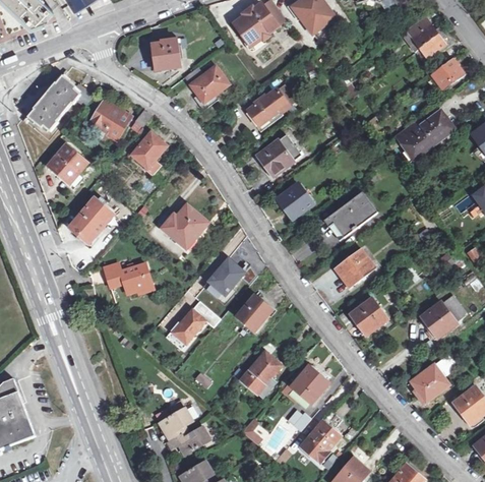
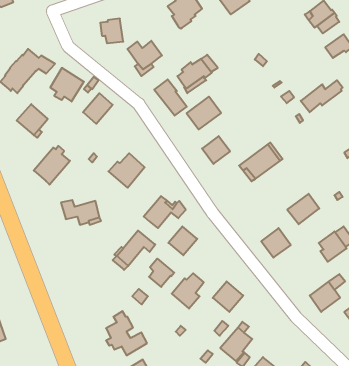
building: none -> [154,79,187,116]
building: [336,249,375,287] -> [287,194,319,224]
building: none -> [149,259,174,287]

